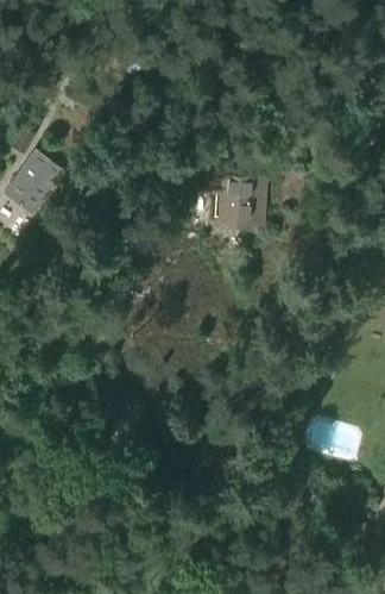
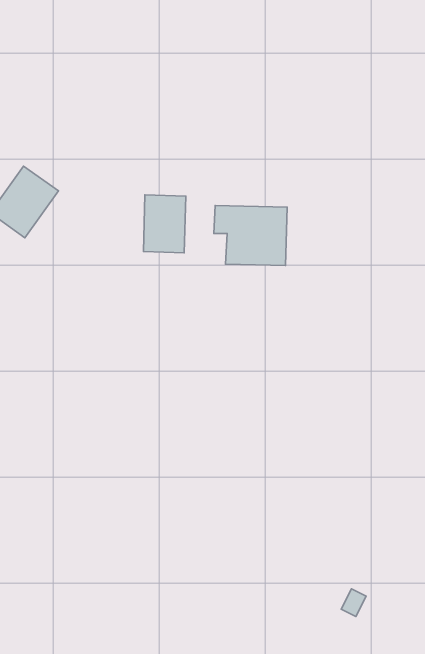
building: none -> [143,195,186,253]

